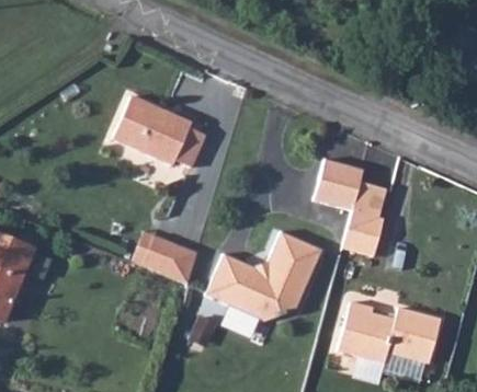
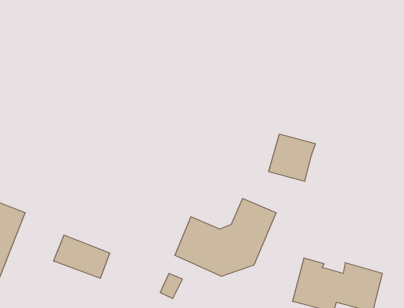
building: [113,96,207,169] -> none
building: [343,183,388,257] -> none
building: [134,232,198,281] -> [53,235,110,278]

